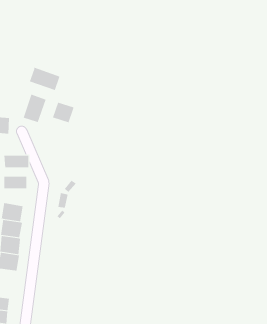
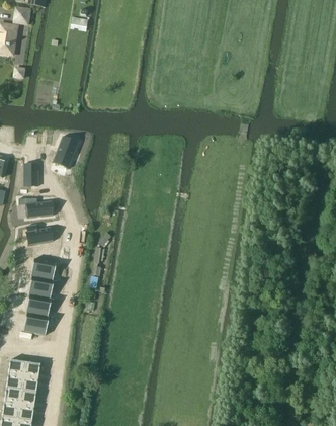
building: [29,67,60,91] -> none
building: [52,102,74,123] -> none

